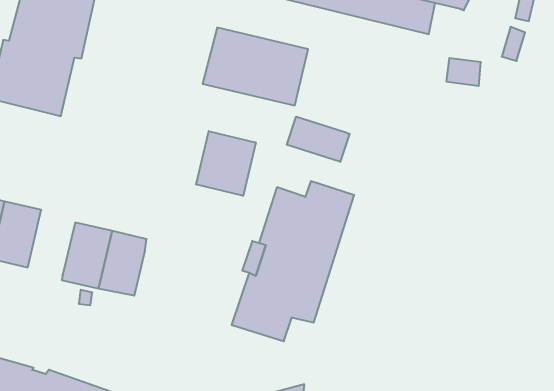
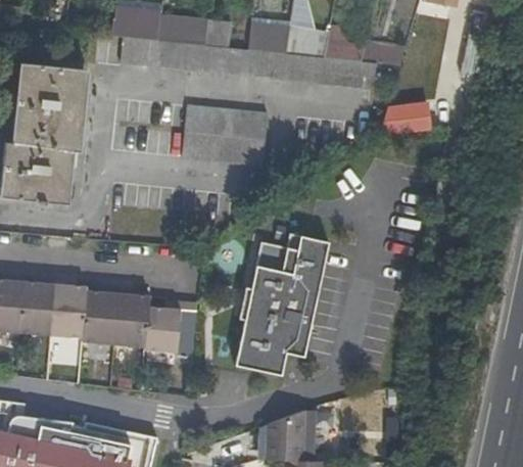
building: [287,117,350,162] -> none
building: [196,131,256,196] -> none
building: none -> [54,284,91,338]
building: none -> [148,302,199,357]

